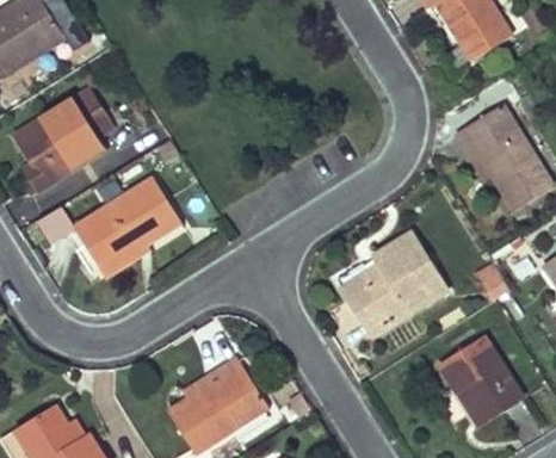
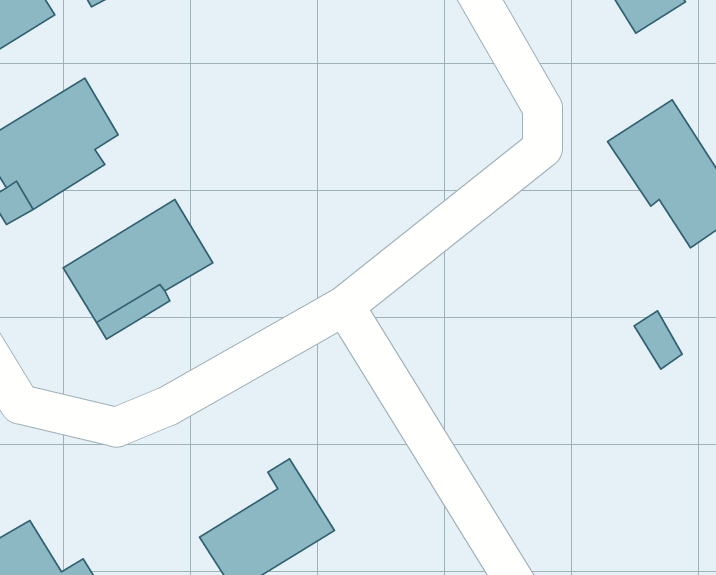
building: [340,229,451,332] -> none
building: [443,336,526,425] -> none

